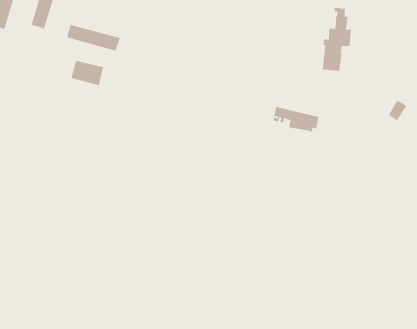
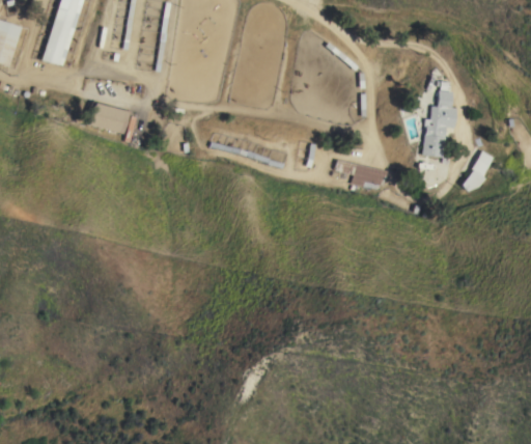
building: [322,8,352,71] -> [421,81,457,158]
building: [67,24,120,51] -> none

